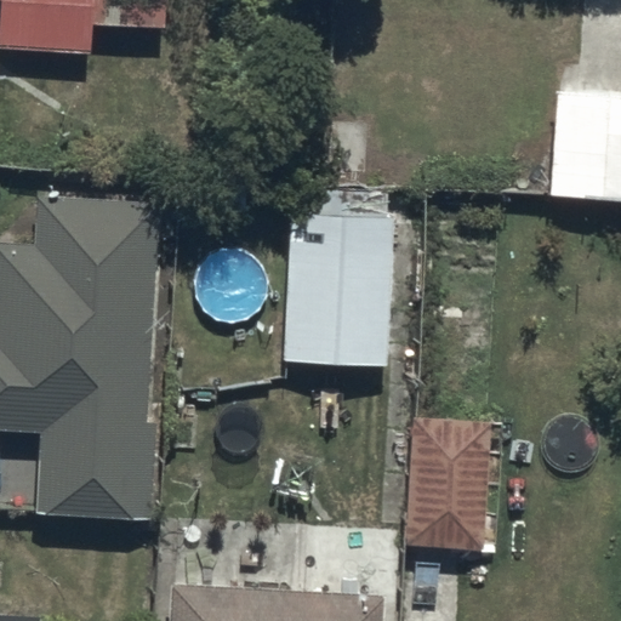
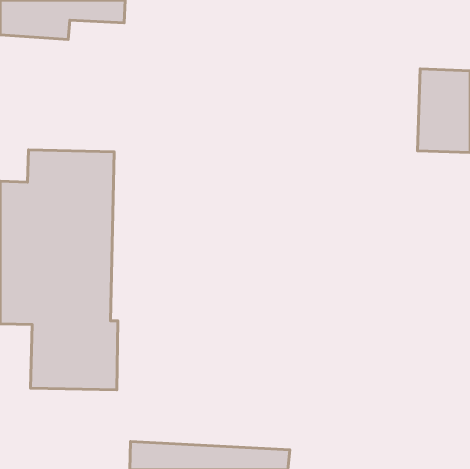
building: [284,209,393,366] -> none
building: [406,418,492,552] -> none

